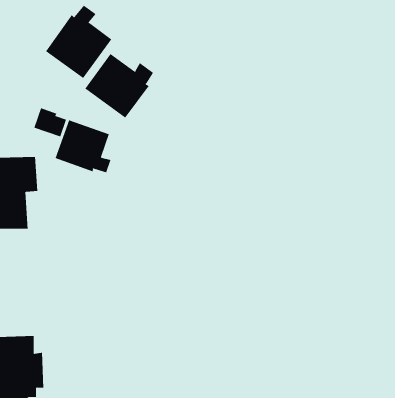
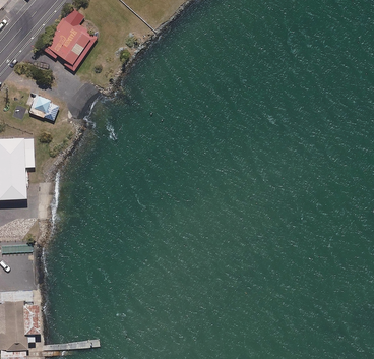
building: [85,53,154,119] -> none
building: [55,120,111,173] -> none

